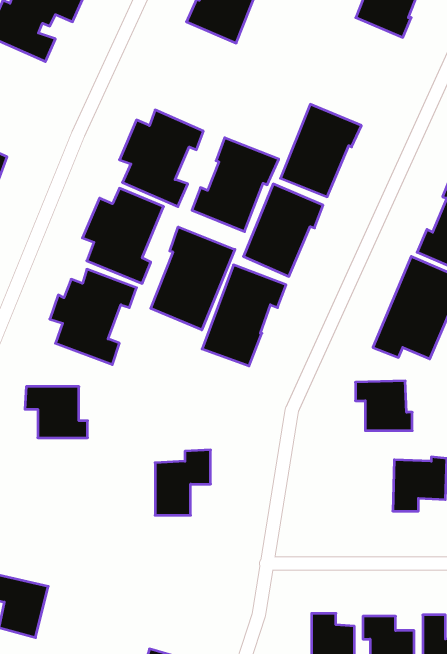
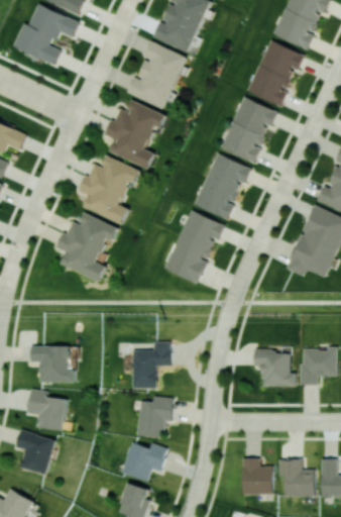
building: none -> [248,39,305,105]
building: [192,138,279,232] -> [128,41,190,108]
building: [151,227,235,330] -> none
building: [355,381,412,431] -> [255,350,296,386]
building: [25,387,88,438] -> [31,345,76,382]
building: none -> [28,389,67,430]
building: none -> [137,396,173,436]
building: none -> [121,441,168,481]

